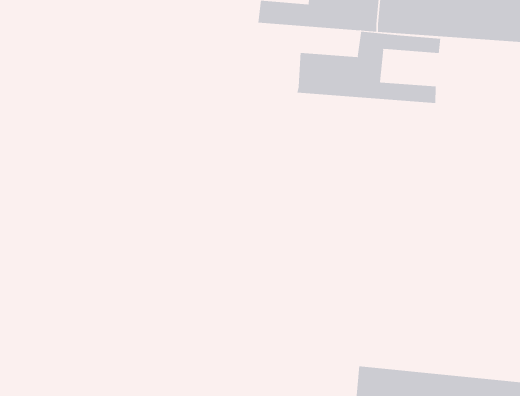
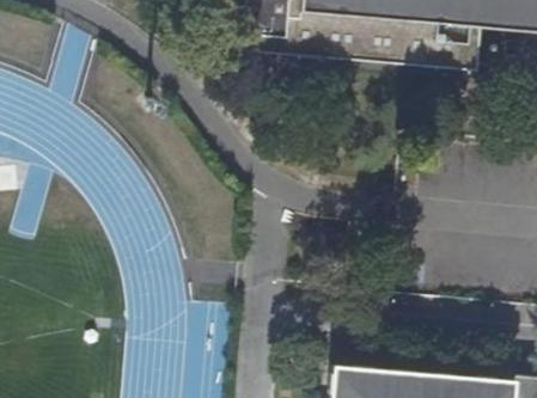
building: [297,31,441,104] -> none

